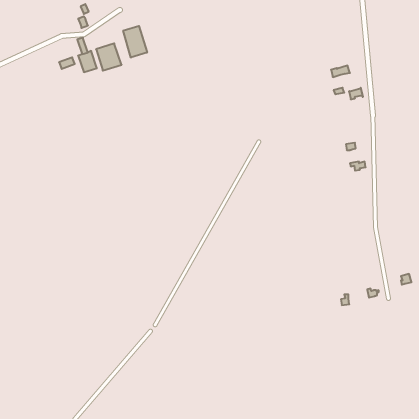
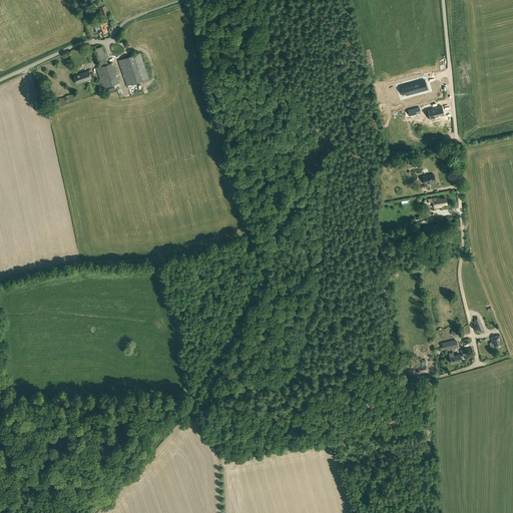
building: [123,26,147,58] -> none

